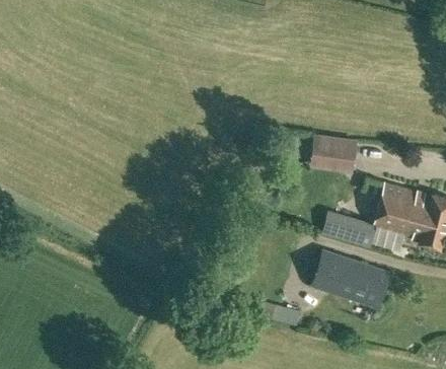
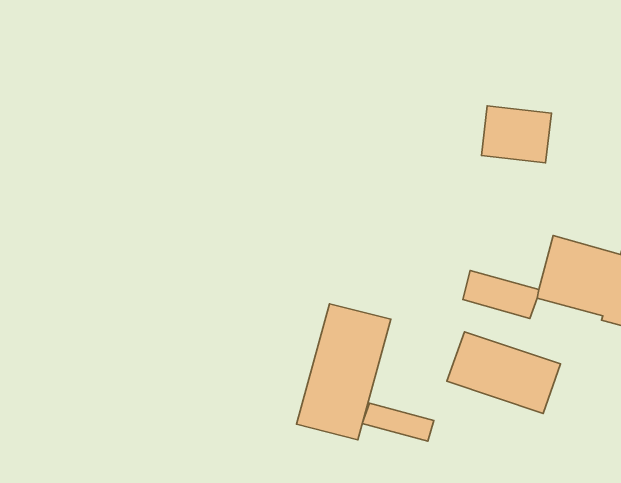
building: [310,135,359,174] -> [481,106,551,163]
building: none -> [297,304,391,440]

